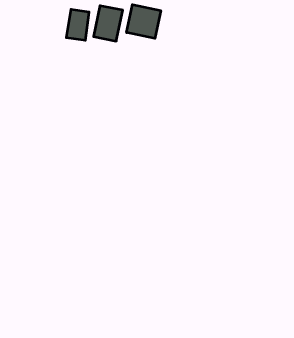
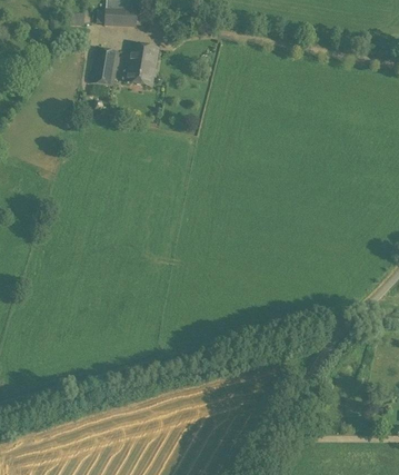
building: [127,5,161,38] -> none

